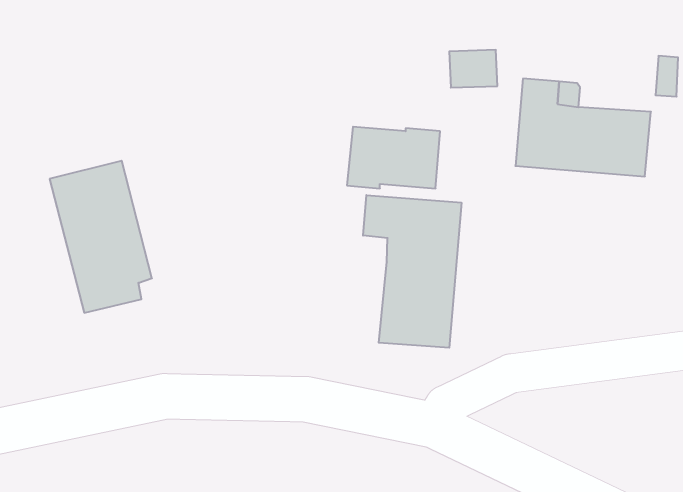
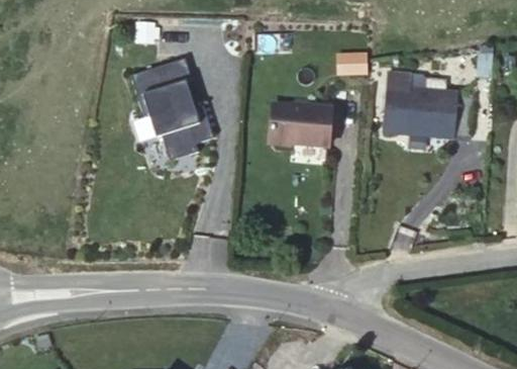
building: [50,161,152,313] -> [139,60,208,162]
building: [363,195,461,348] -> none

